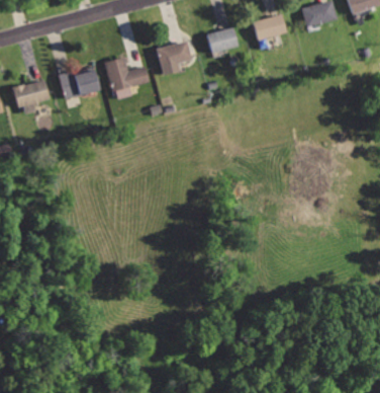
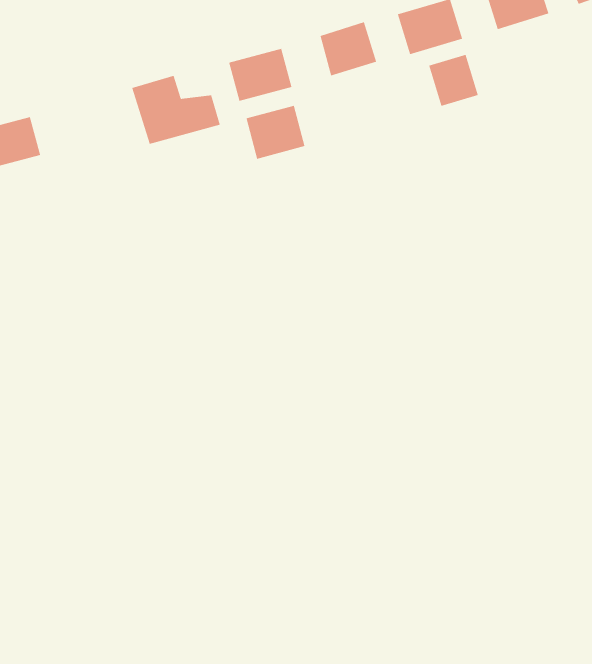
building: none -> [428,54,479,107]
building: [57,67,100,102] -> none
building: none -> [245,105,306,160]

